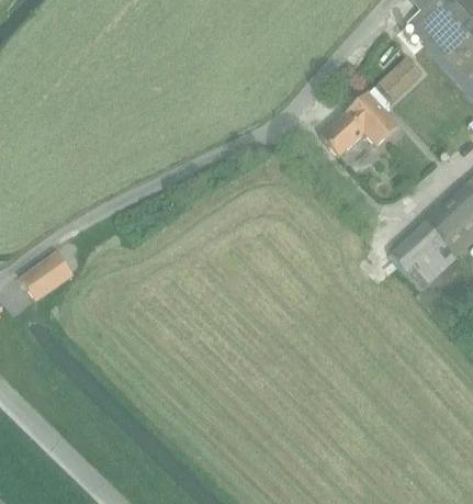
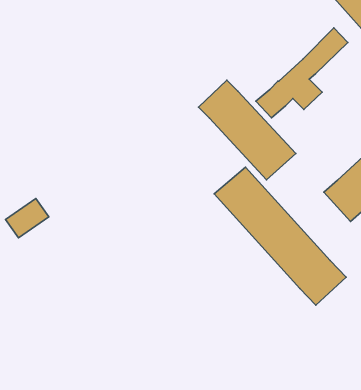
building: none -> [198,80,296,180]
building: none -> [214,167,346,305]

